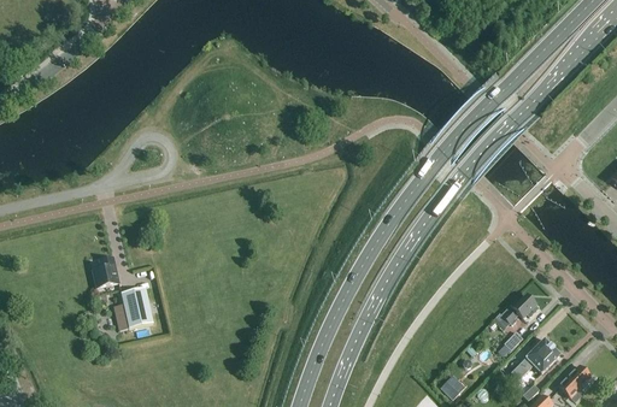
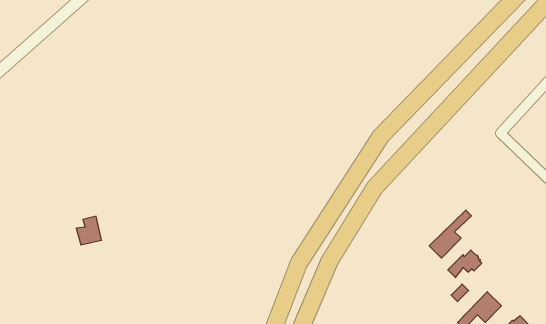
building: none -> [429,210,471,258]
building: [121,288,153,329] -> none

